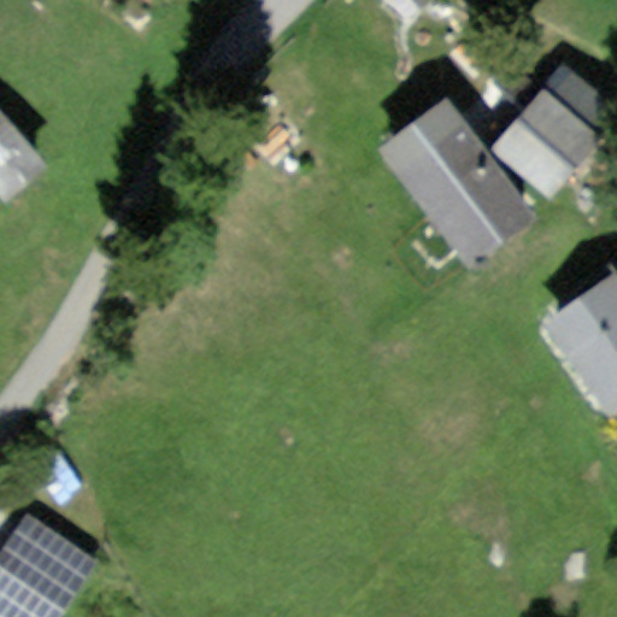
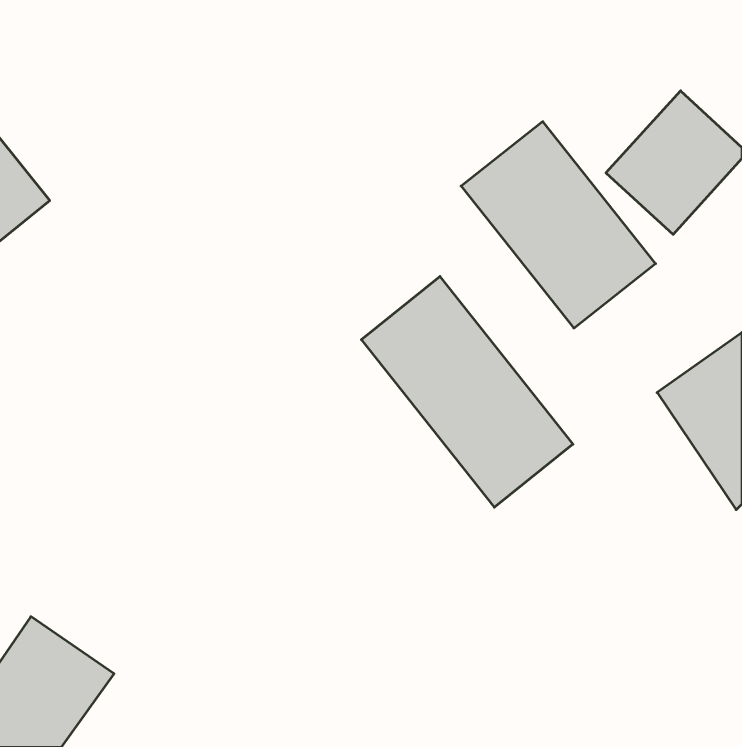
building: none -> [361,276,573,507]

